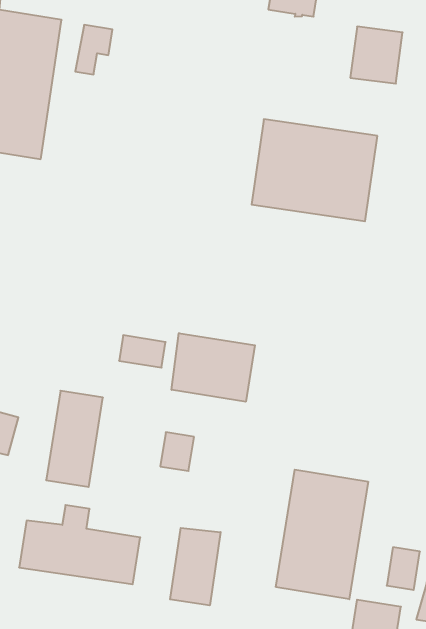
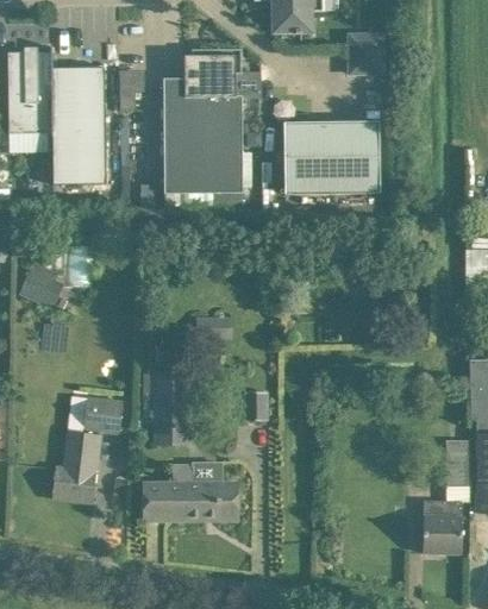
building: none -> [163,49,242,194]
building: [172,333,255,402] -> none
building: [276,470,368,599] -> none
building: [170,528,221,605] -> none

